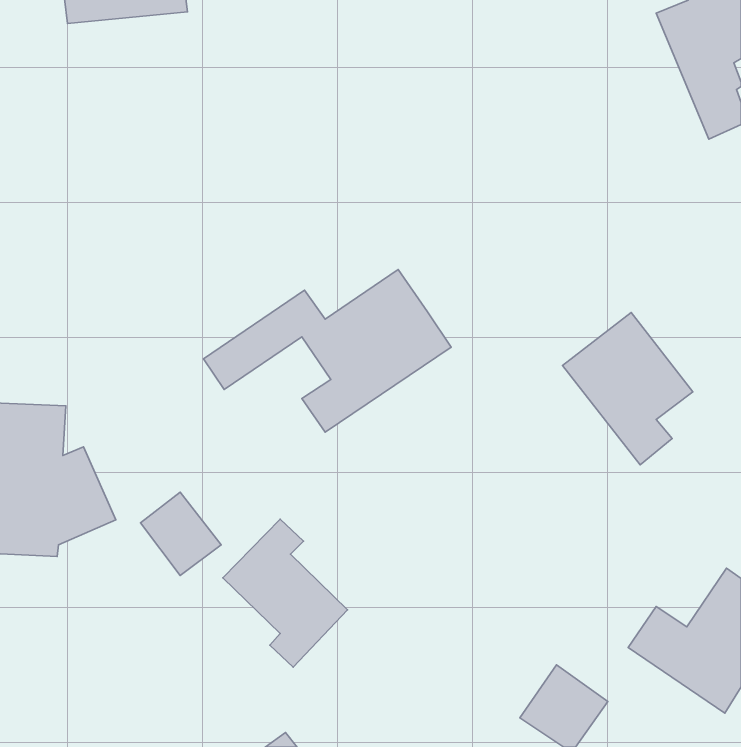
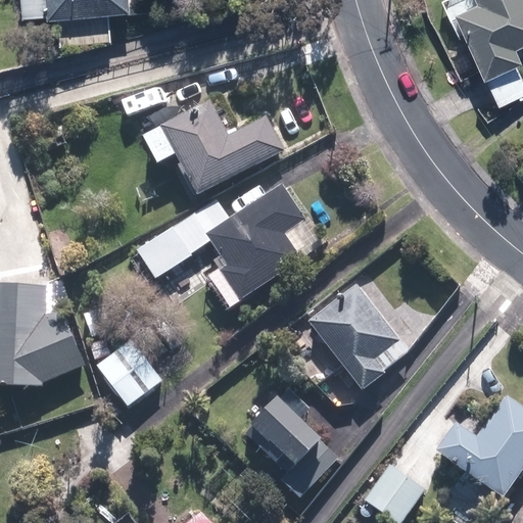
building: none -> [148,104,279,189]
building: [562,313,693,465] -> [310,284,400,390]
building: [223,519,347,667] -> [247,390,334,493]

